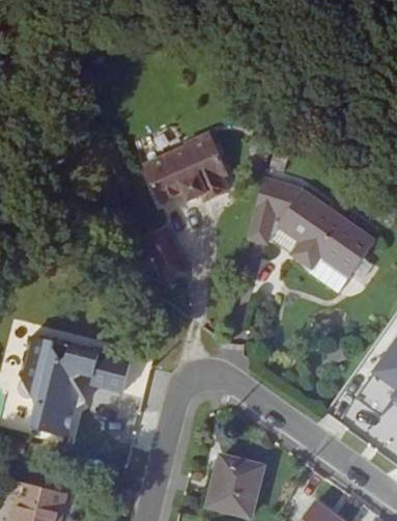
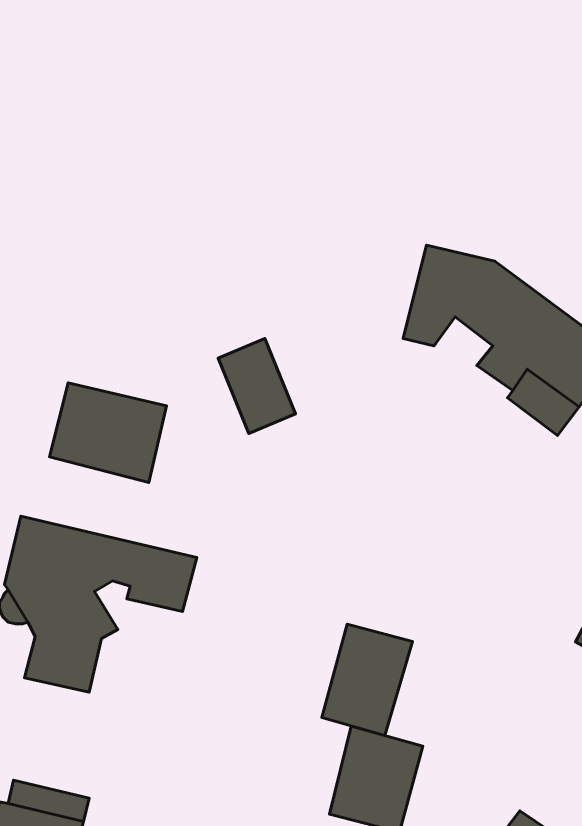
building: [150,136,234,205] -> none
building: none -> [50,383,166,483]
building: none -> [322,624,412,736]

